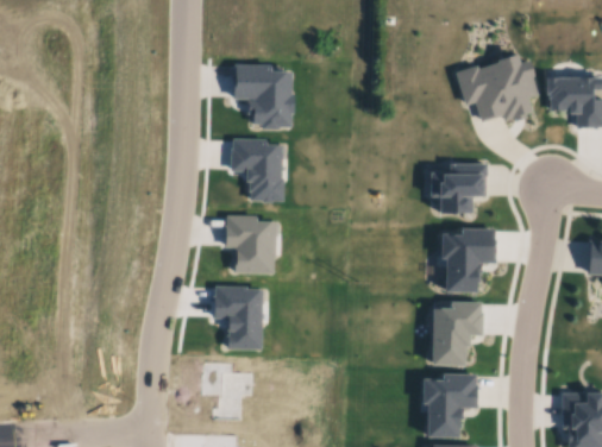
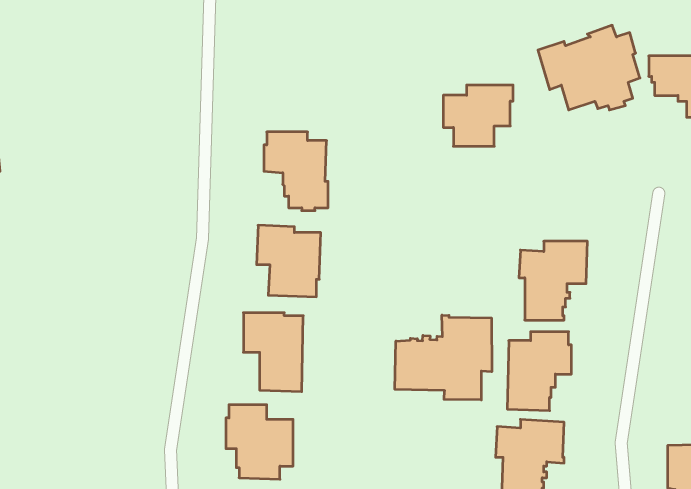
building: [233,62,296,130] -> none
building: [429,162,487,212] -> [443,85,513,146]
building: none -> [395,315,492,400]

